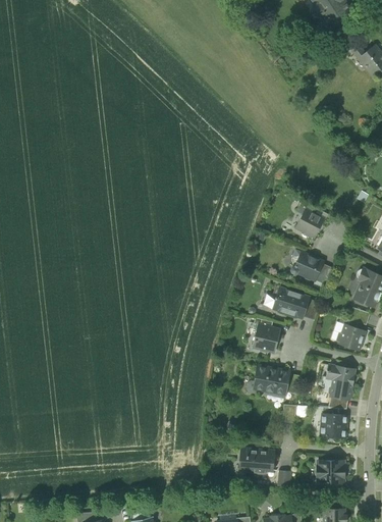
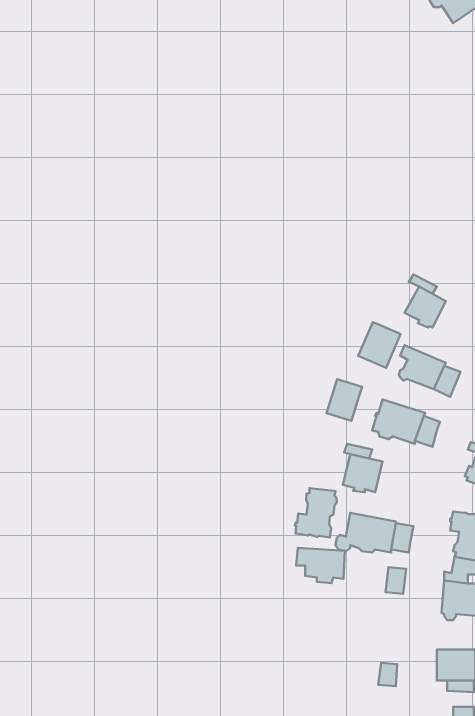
building: none -> [358,322,401,368]
building: none -> [327,379,362,421]
building: none -> [295,488,337,537]
building: [240,449,274,473] -> [296,548,345,583]

